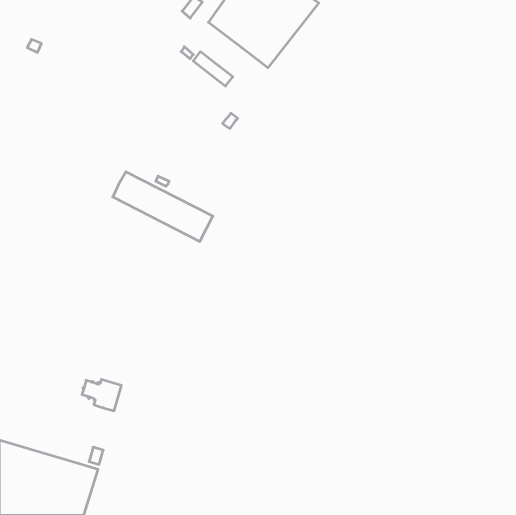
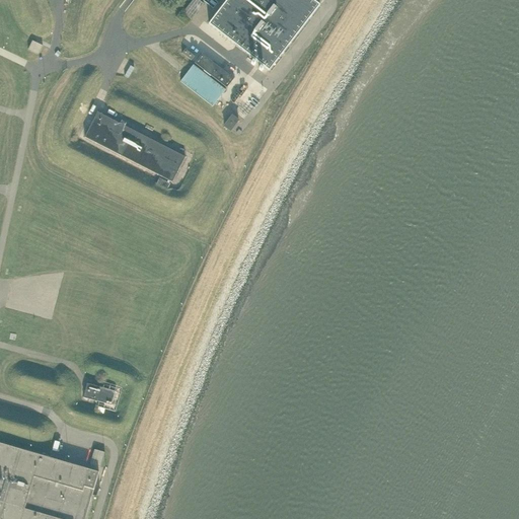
building: none -> [179,63,225,104]
building: [113,172,213,242] -> [84,110,184,180]

